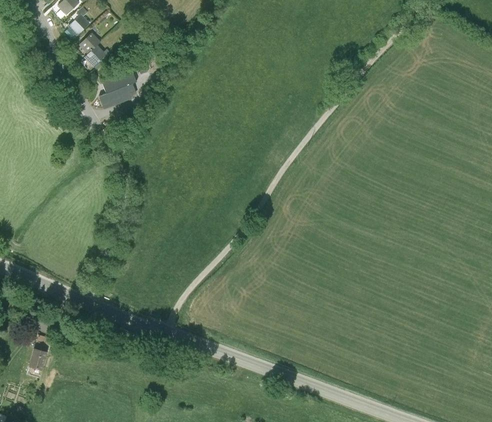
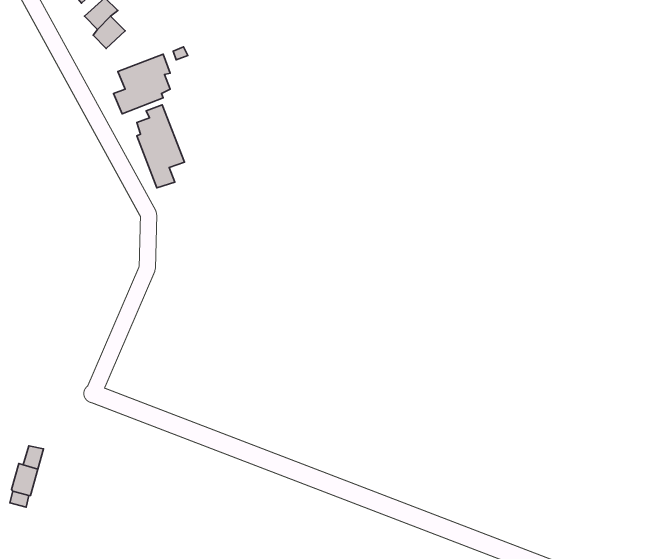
building: none -> [137,105,184,188]

